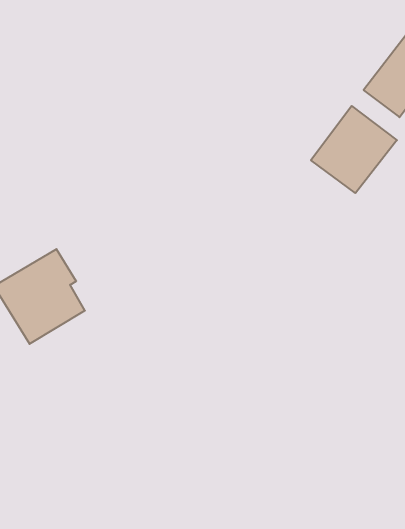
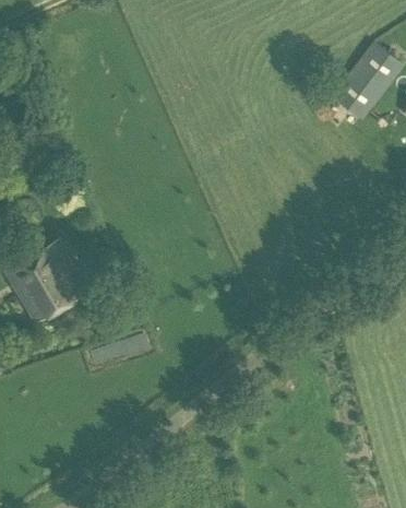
building: [311,106,397,193] -> none

